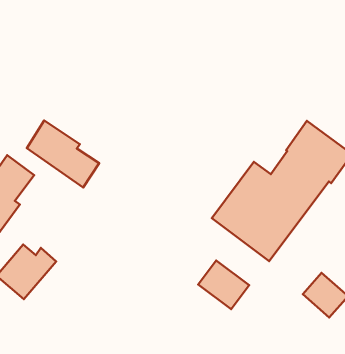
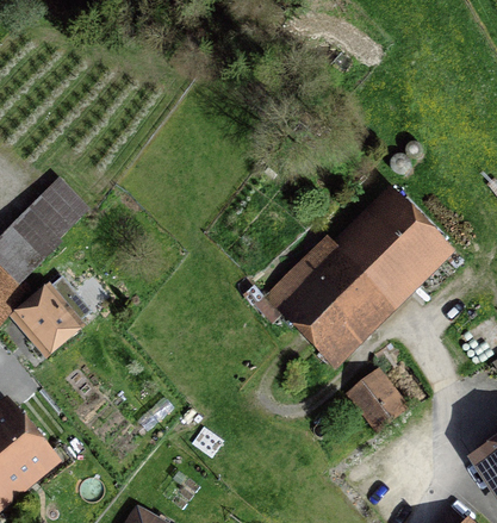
building: [27,121,99,187] -> none
building: [198,260,249,309] -> none

